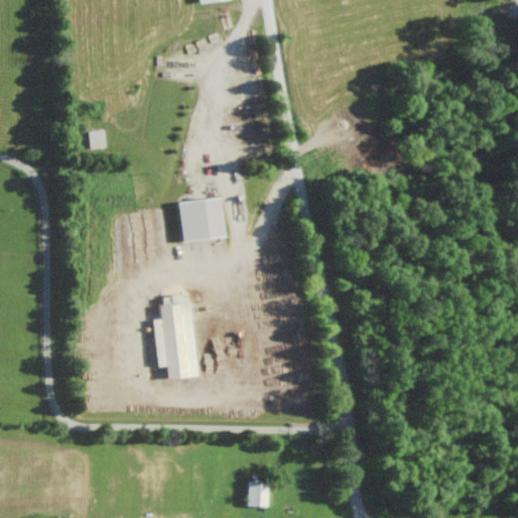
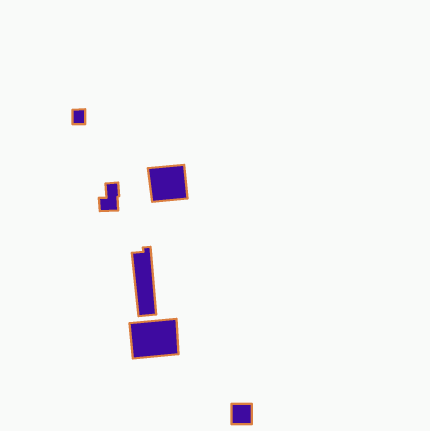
building: none -> [130,319,178,359]
building: [245,483,269,507] -> [231,404,252,424]

